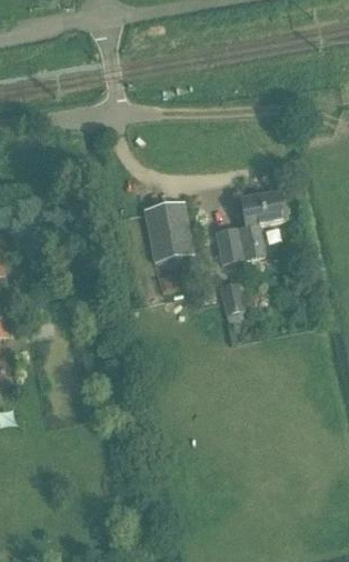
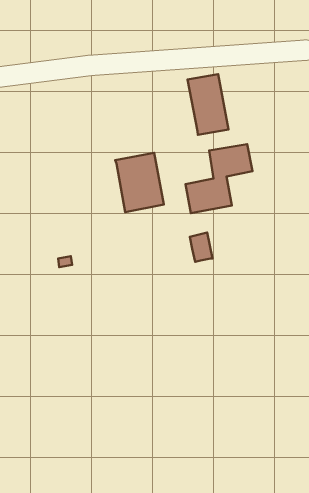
building: none -> [188,74,229,135]

